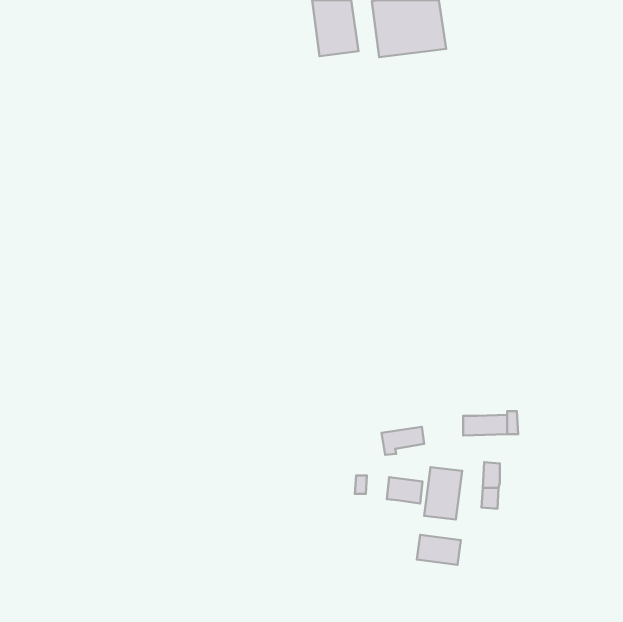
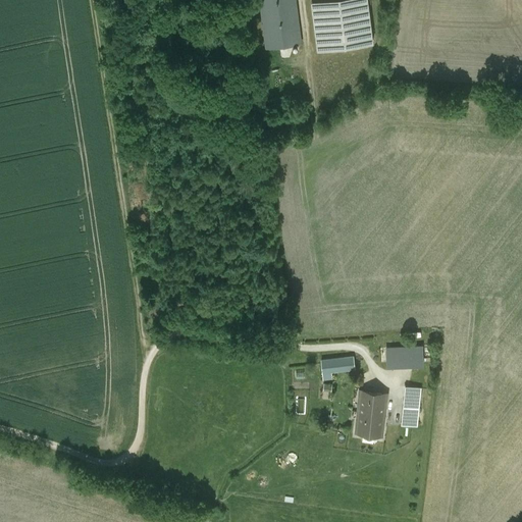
building: [387,477,423,503] -> none
building: [417,535,461,565] -> none

